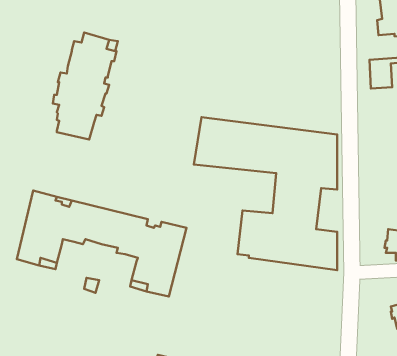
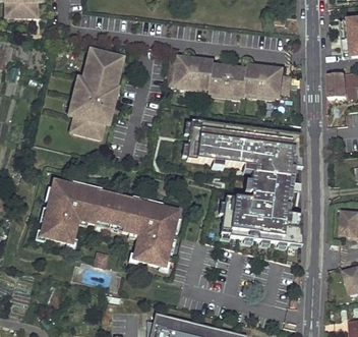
building: none -> [168,54,290,96]

